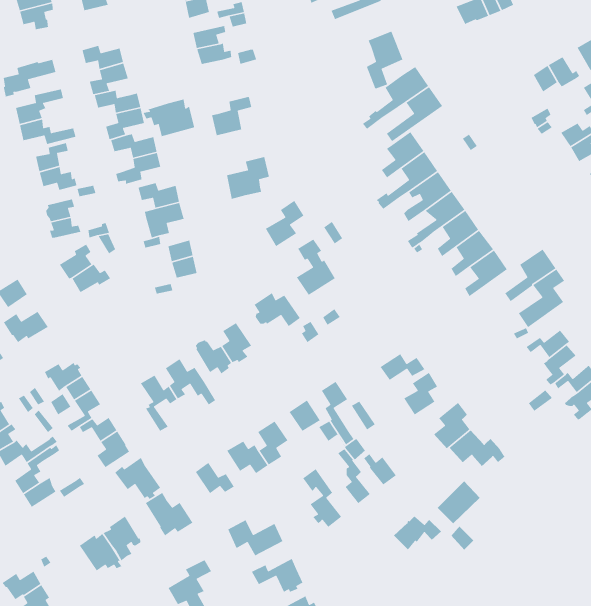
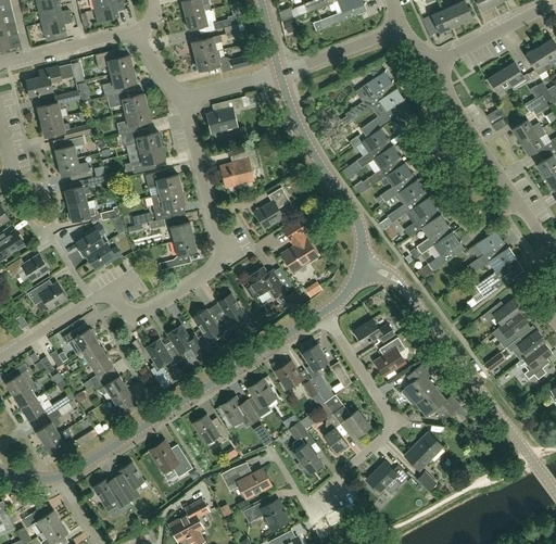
building: [366,31,403,89] -> none
building: [142,99,195,137] -> none
building: [114,457,161,500] -> none

